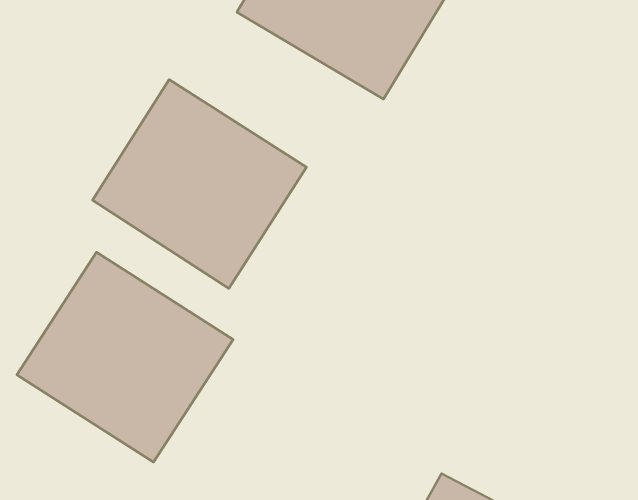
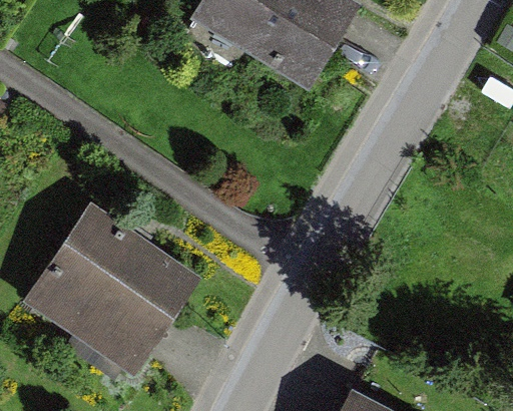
building: [93,80,306,288] -> none

